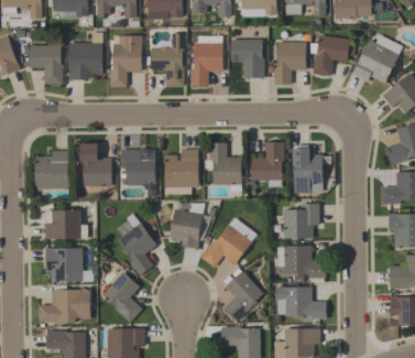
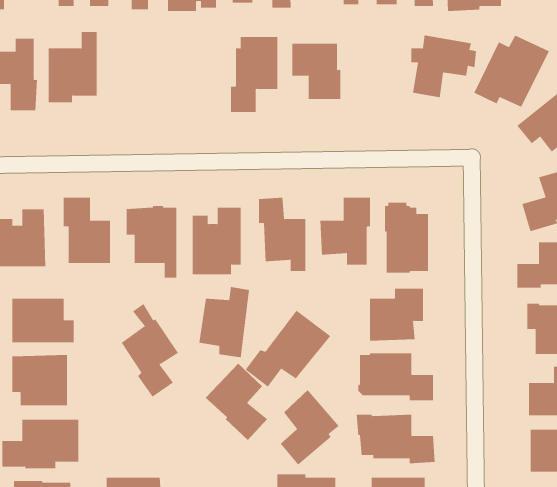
building: [151,33,184,86] -> none
building: [109,35,142,86] -> none
building: [274,42,306,85] -> none
building: [101,271,143,323] -> [205,363,268,441]

